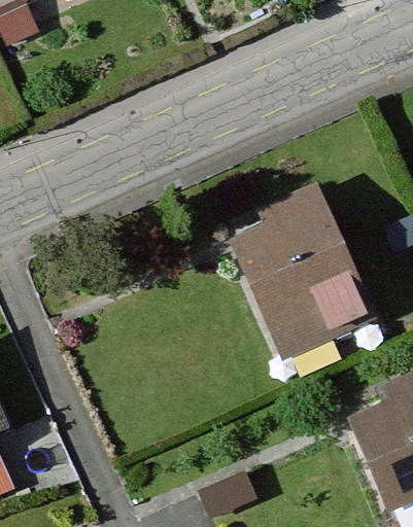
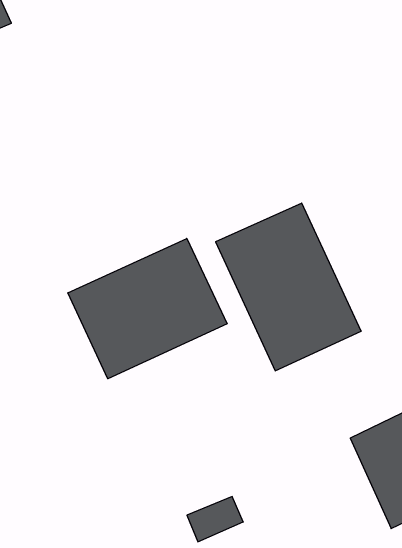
building: none -> [68,238,227,379]

